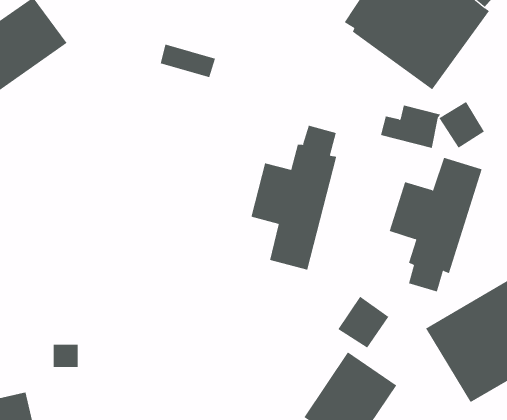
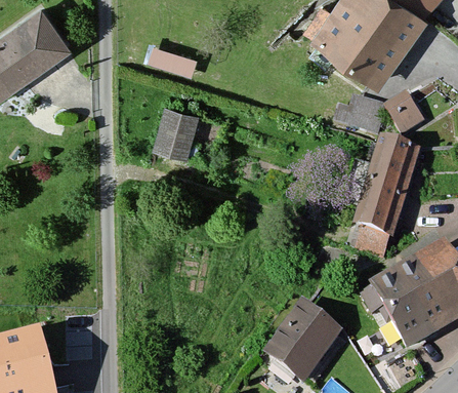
building: none -> [155,106,199,158]
building: [251,125,337,270] -> none
building: [338,296,389,349] -> none

